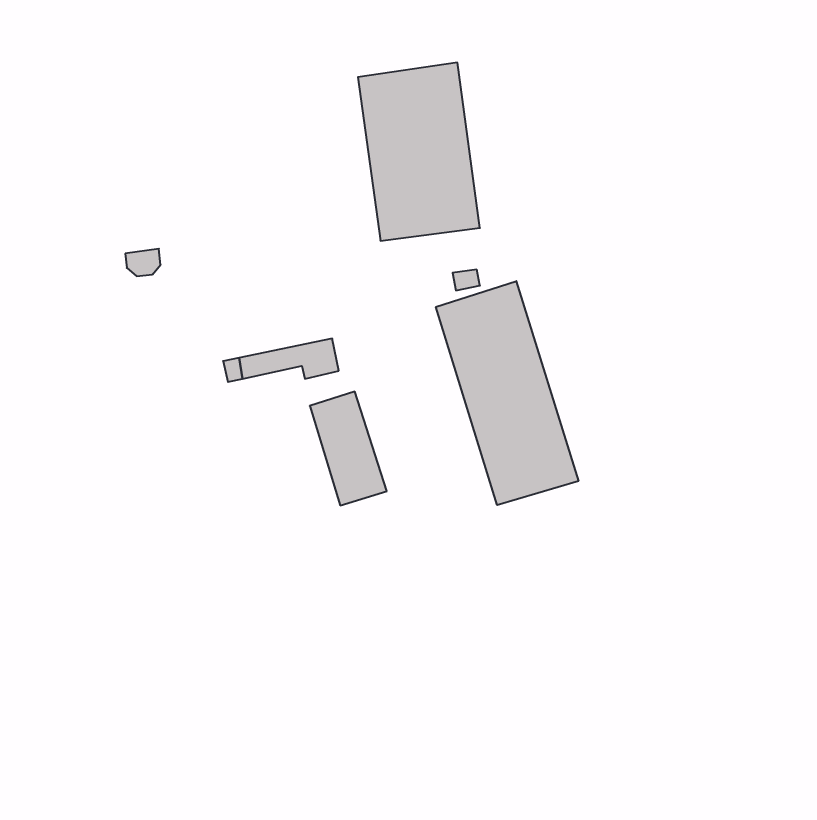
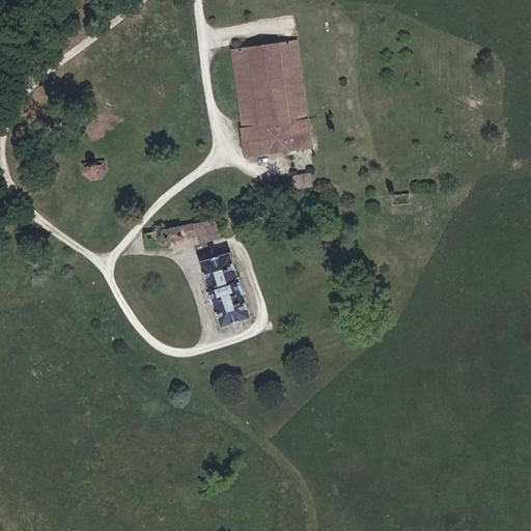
building: [436,281,578,505] -> none

